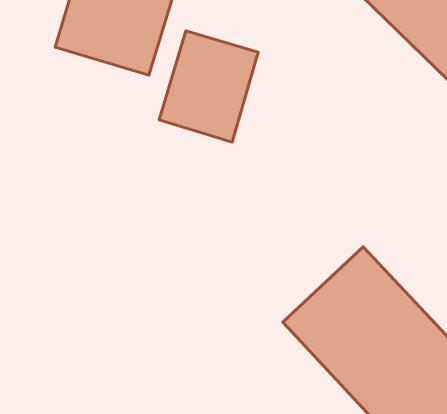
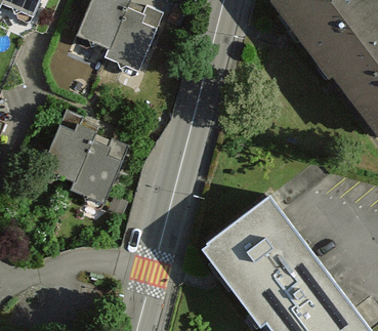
building: [159,31,258,142] -> none
building: none -> [40,119,130,205]

